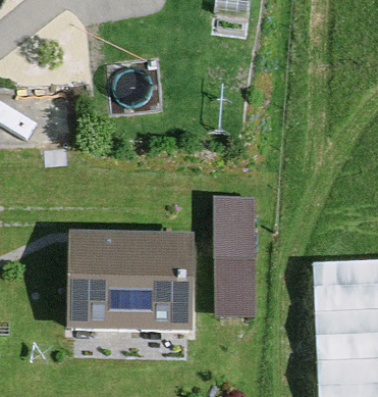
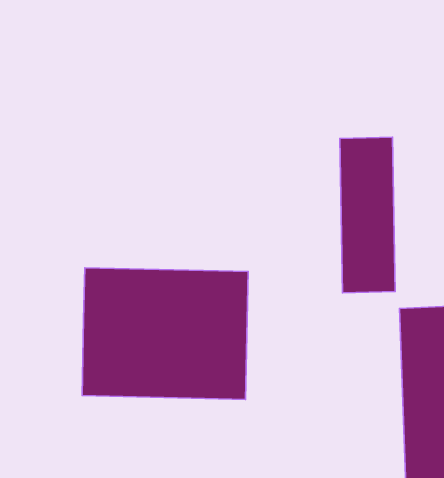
building: [213,194,256,314] -> [340,137,395,293]

